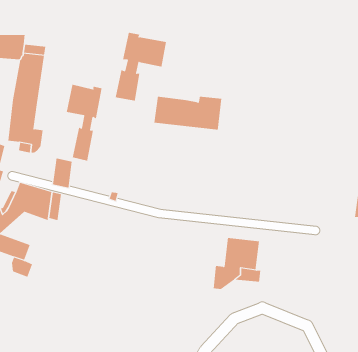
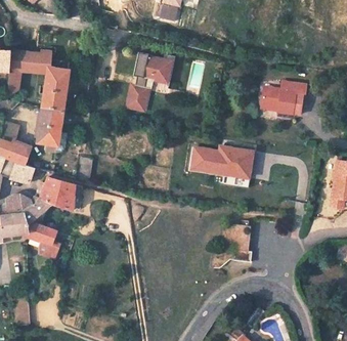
building: none -> [262,81,305,116]
building: [66,84,102,162] -> none
building: [153,96,222,130] -> [191,148,250,177]

